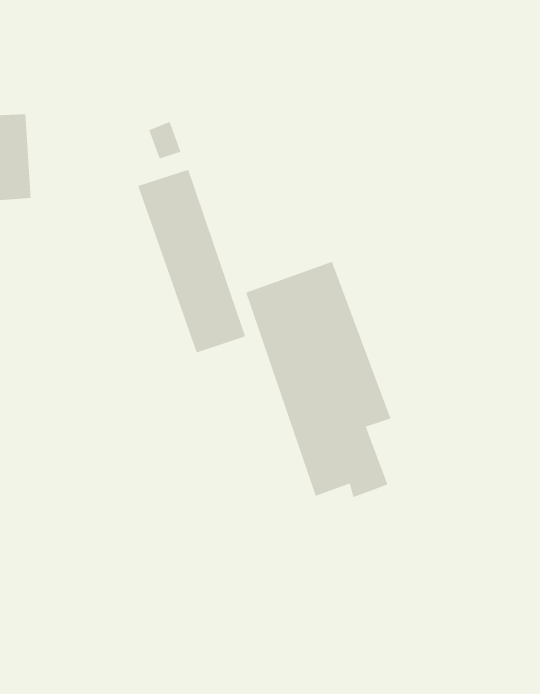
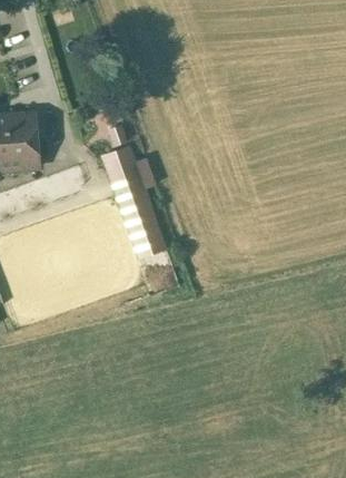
building: [245,261,392,498] -> none

